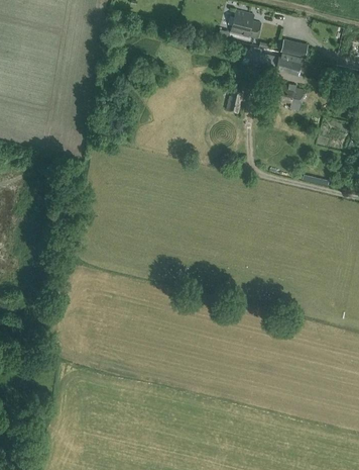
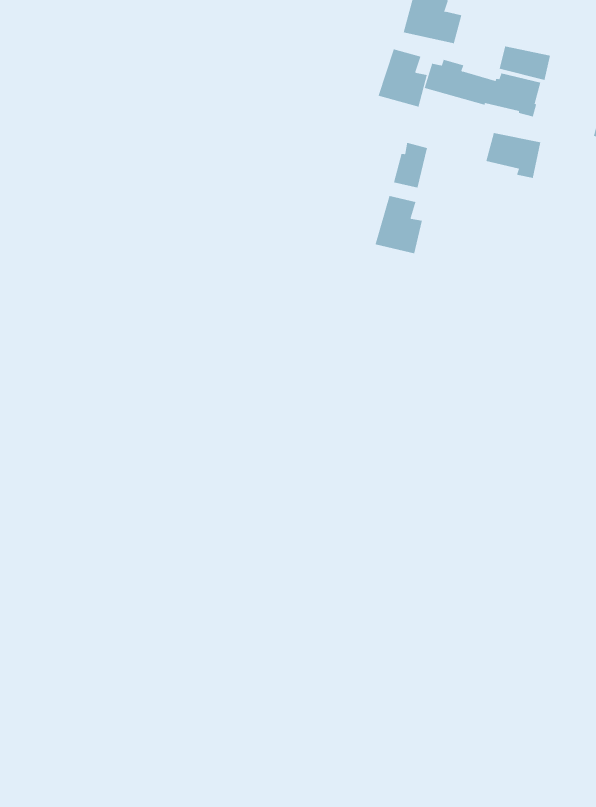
building: none -> [378,49,427,107]
building: none -> [375,195,422,254]

